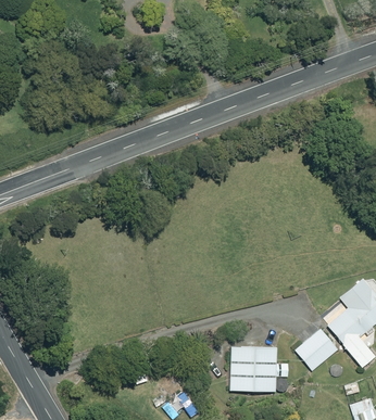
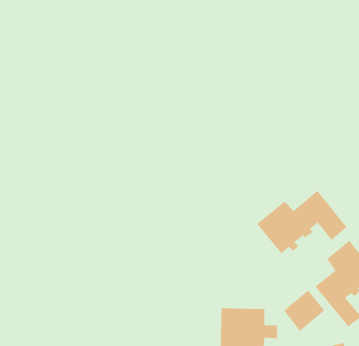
building: none -> [256,190,348,254]

